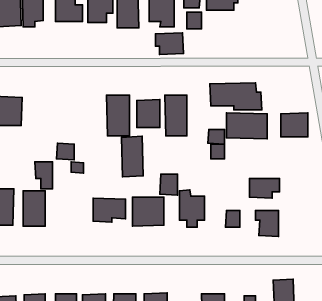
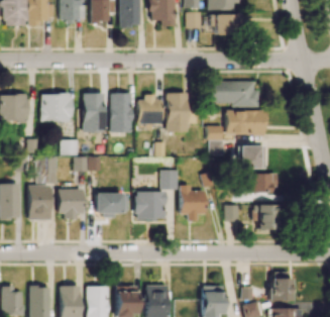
building: [155,33,184,55] -> [211,14,238,35]
building: none -> [40,93,72,122]
building: [281,113,308,137] -> [240,145,266,169]
building: [121,136,143,177] -> [84,93,105,132]
building: none -> [59,189,84,216]

